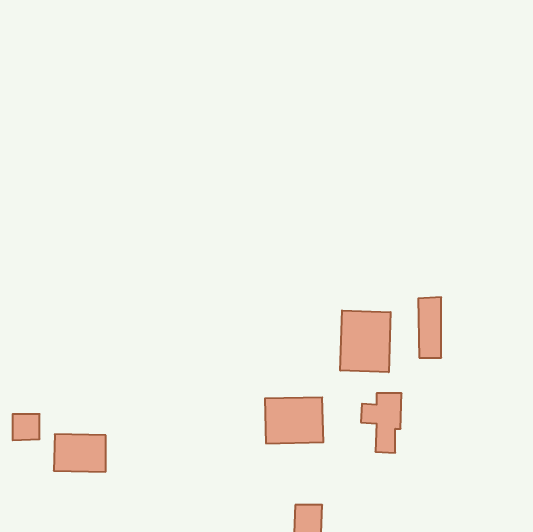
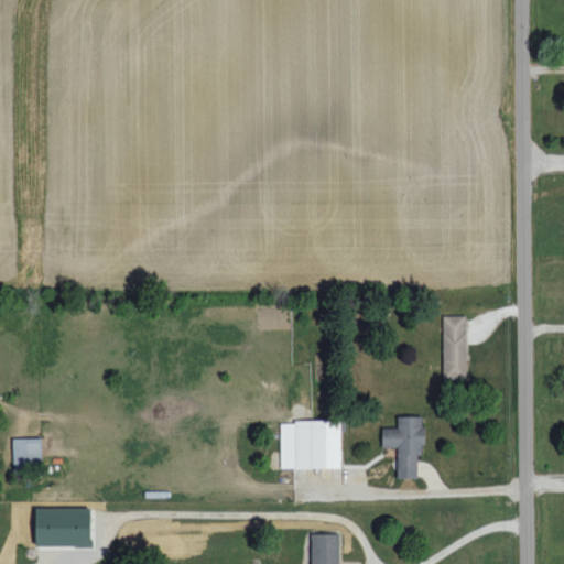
building: [340,310,391,372] -> none
building: [54,434,106,472] -> [36,508,91,547]

